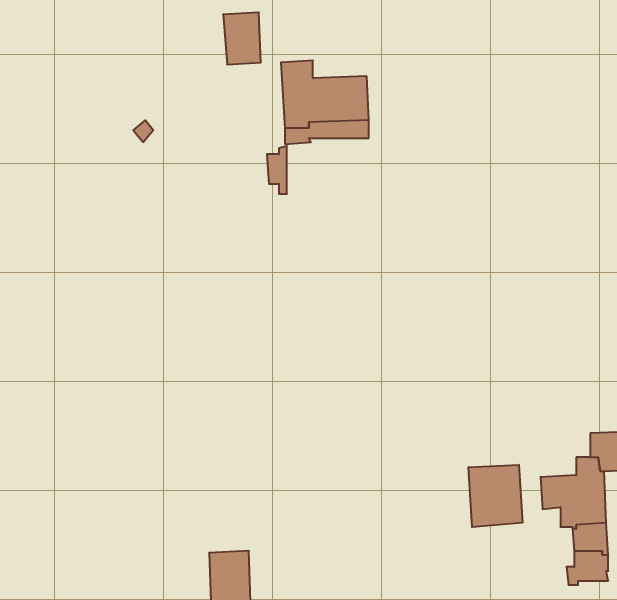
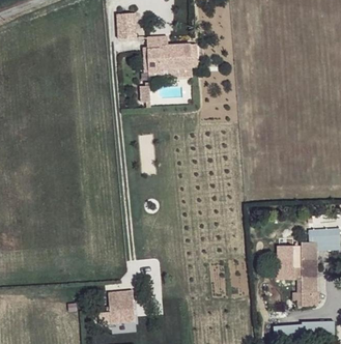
building: [468,465,522,527] -> none

